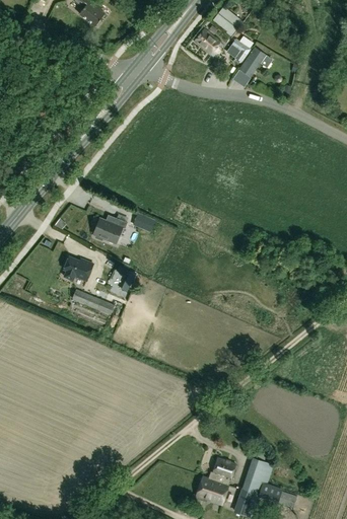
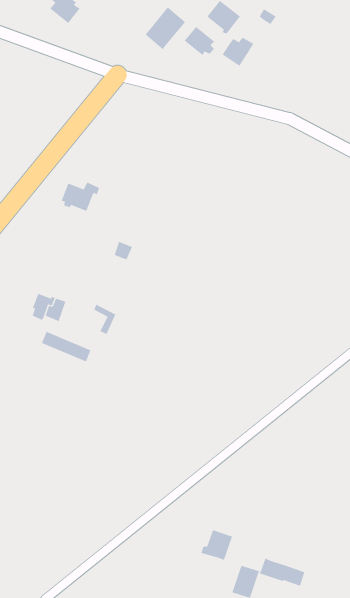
building: none -> [145,6,186,50]
building: [238,48,272,77] -> none
building: [92,218,126,243] -> [61,182,100,211]
building: [241,457,274,494] -> none
building: [196,476,227,505] -> none

